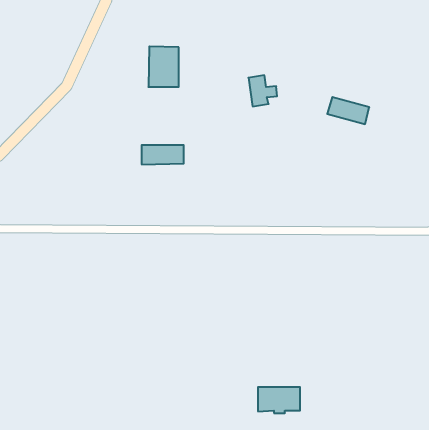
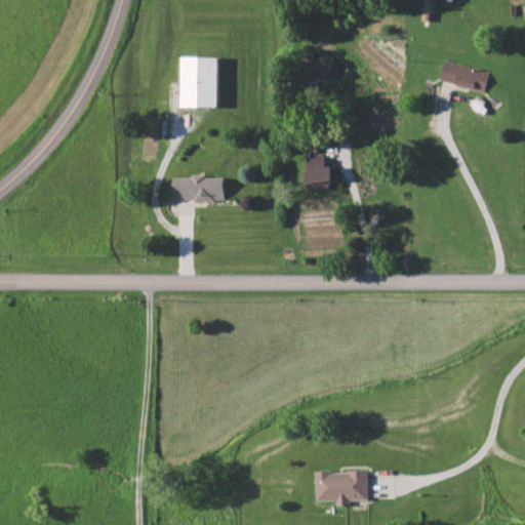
building: [248,75,277,106] -> [305,154,339,192]
building: [327,97,369,124] -> [438,59,489,92]

